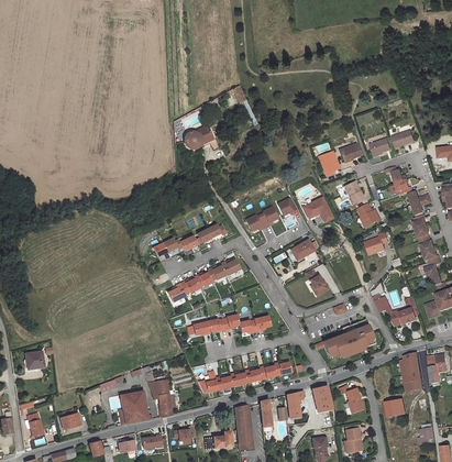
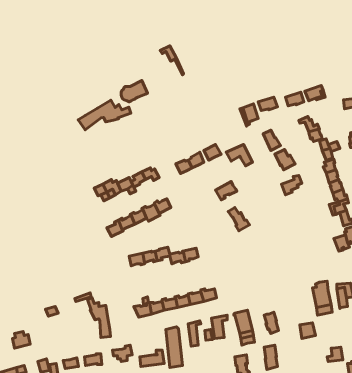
building: none -> [78,100,131,130]
building: [373,295,420,327] -> none
building: [323,319,375,358] -> none
building: [120,391,152,425] -> none

